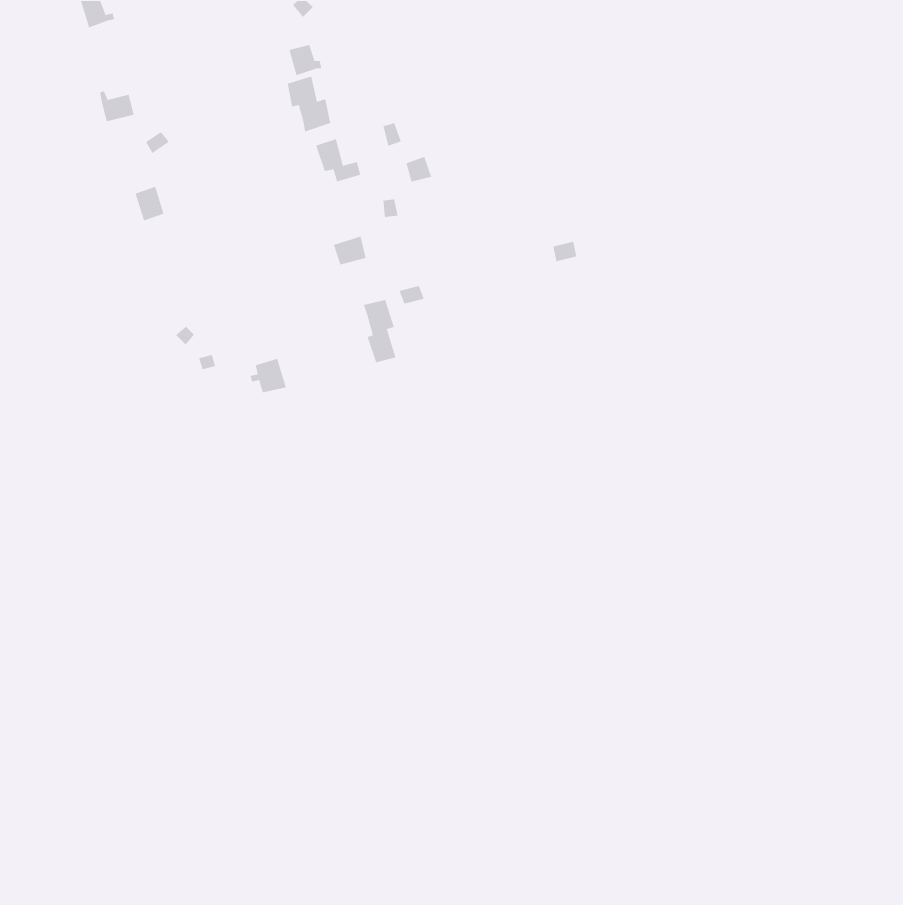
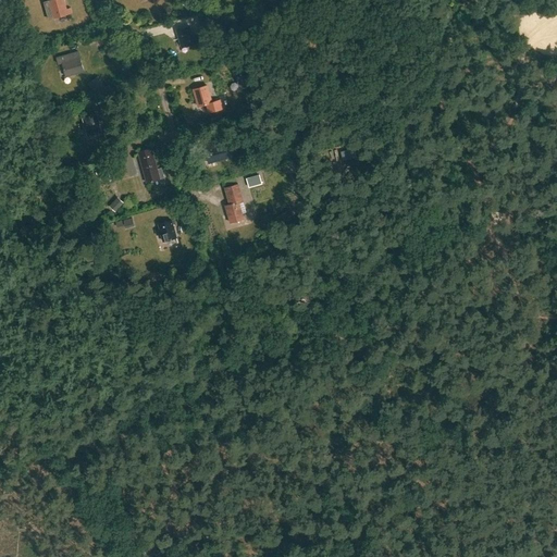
building: [287,75,331,132] -> none
building: none -> [136,147,163,184]

